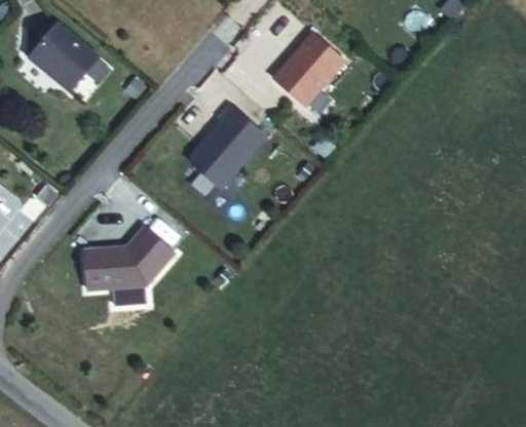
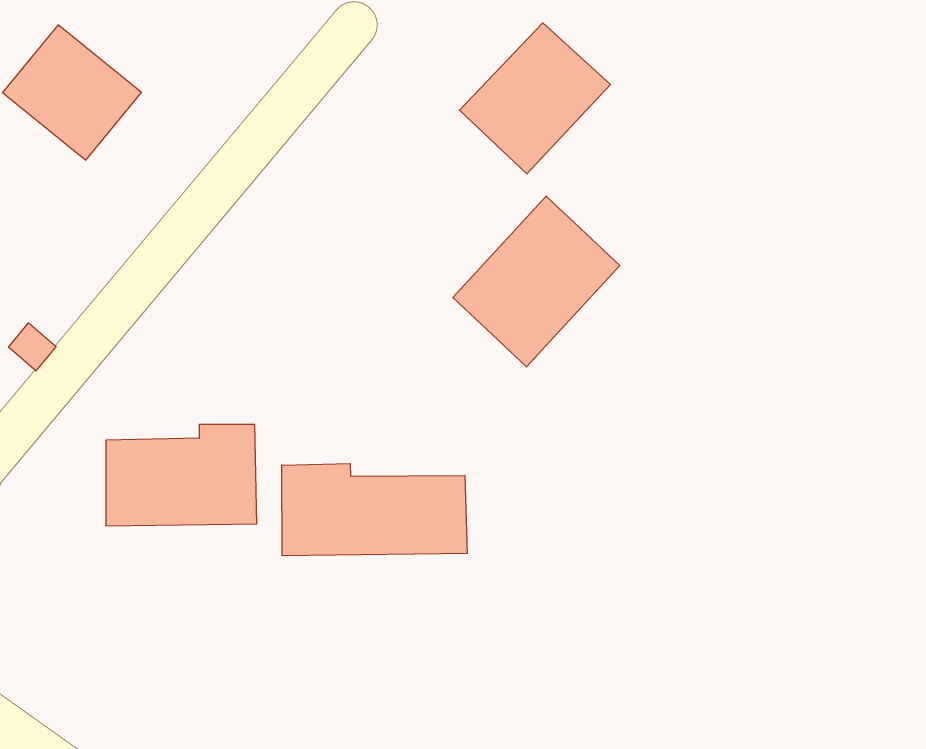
building: [183,101,269,189] -> [453,196,620,367]
building: none -> [282,464,467,556]

